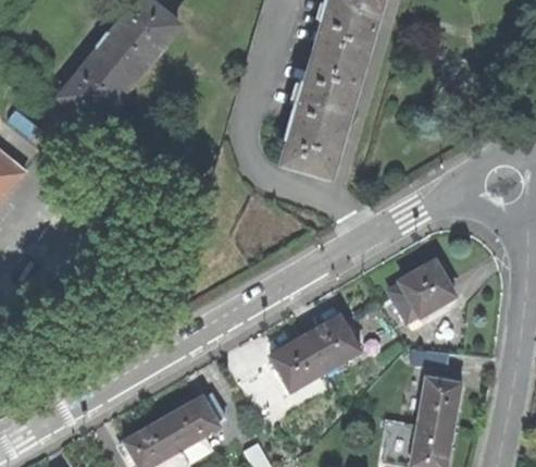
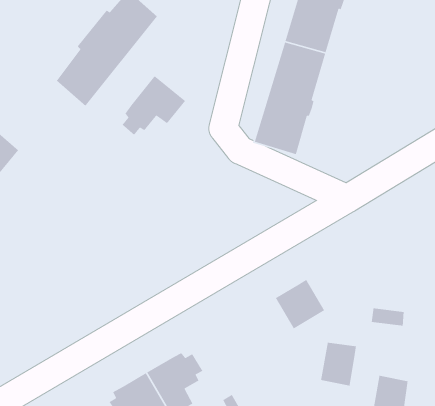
building: none -> [122,75,186,136]
building: [387,257,453,320] -> none
building: [270,335,324,389] -> none
building: [417,378,458,427] -> [320,342,357,386]

